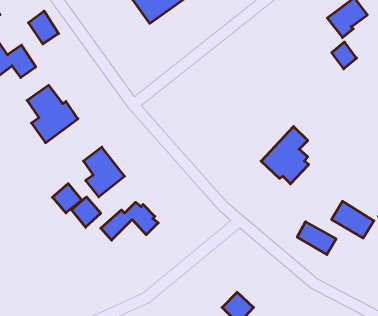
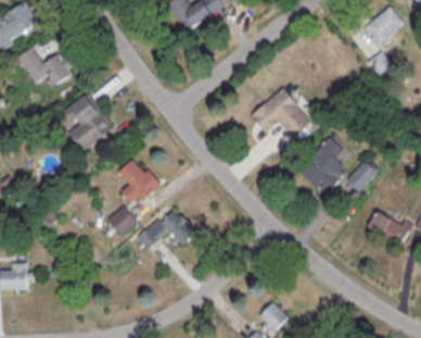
building: [28,11,59,44] -> none
building: none -> [250,88,310,138]
building: none -> [346,162,377,192]
building: [52,184,82,213] -> none
building: [297,222,336,255] -> none

